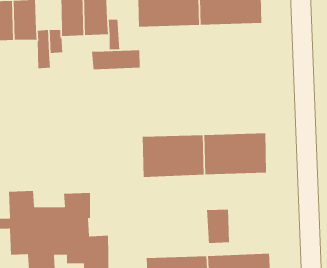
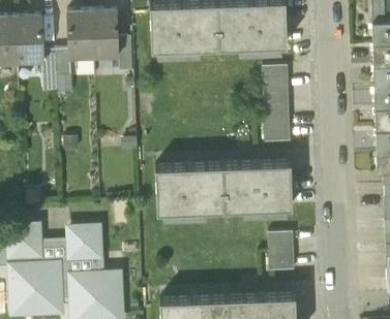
building: none -> [264,65,291,142]
building: [91,49,141,70] -> none
building: [206,209,230,244] -> [269,232,295,270]

